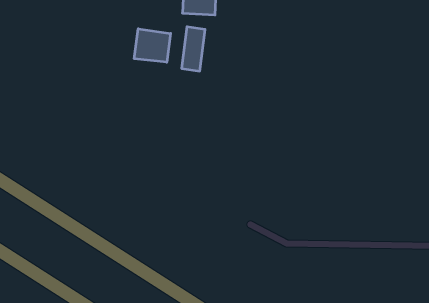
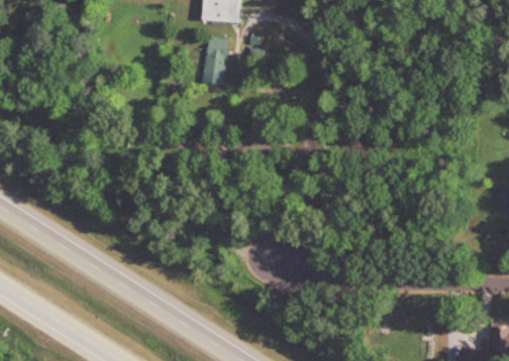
building: [134,29,171,62] -> none

